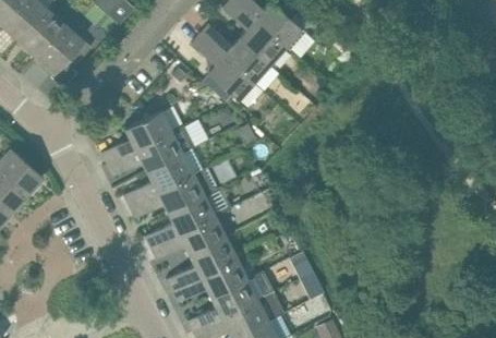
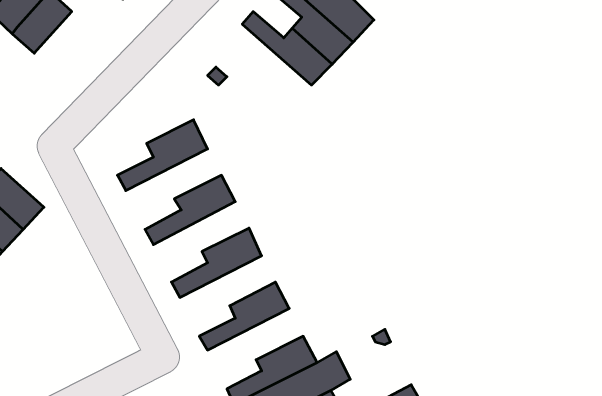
building: [36,24,92,73] -> none
building: [191,34,254,100] -> none
building: [108,125,195,176] -> none
building: [130,167,217,218] -> none
building: [150,216,226,259] -> none
building: [172,257,247,302] -> none

